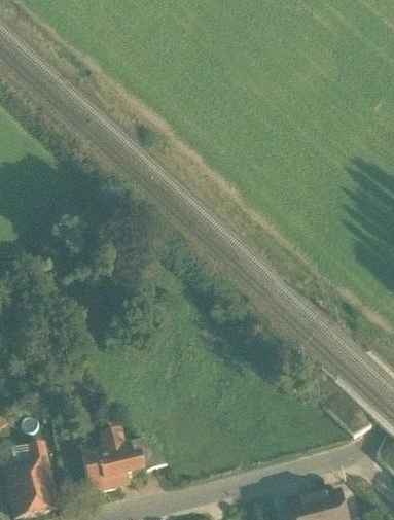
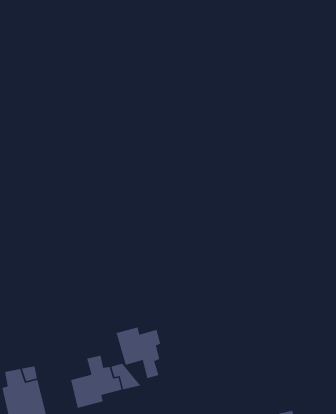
building: none -> [116,327,161,379]

